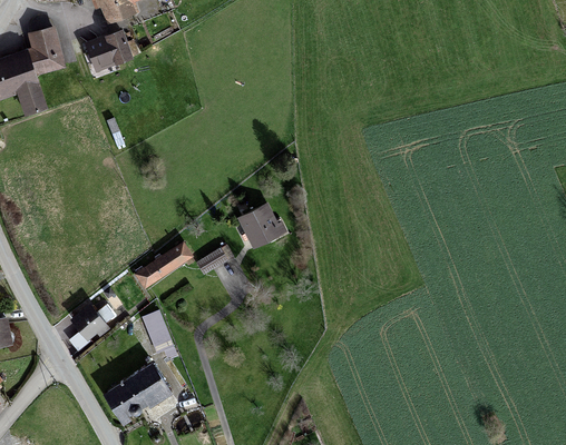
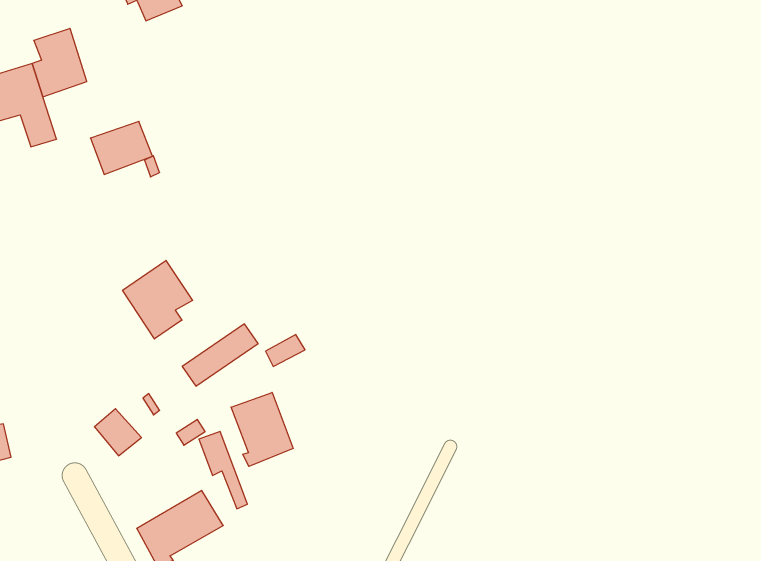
building: [88,32,134,71] -> [90,121,153,174]
building: none -> [123,260,193,339]
building: [240,204,283,247] -> none
building: none -> [231,392,293,466]

